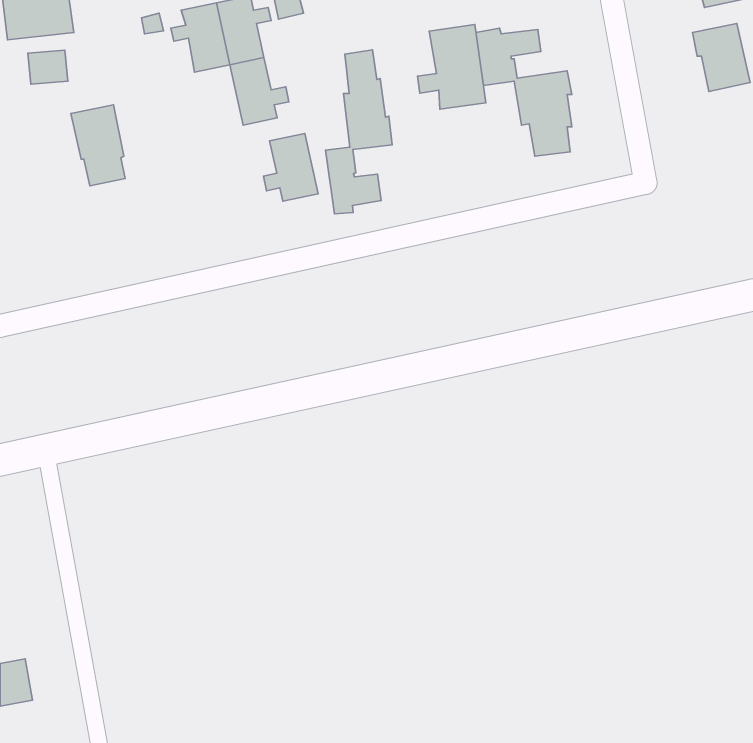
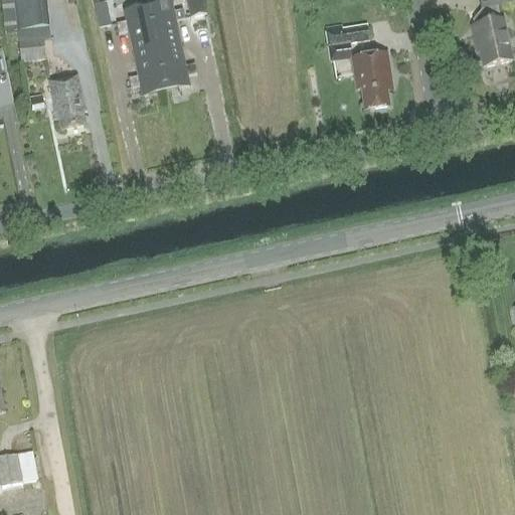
building: [418,25,486,109] -> none
building: [326,50,392,214] -> none
building: [264,133,318,201] -> [129,44,166,91]

